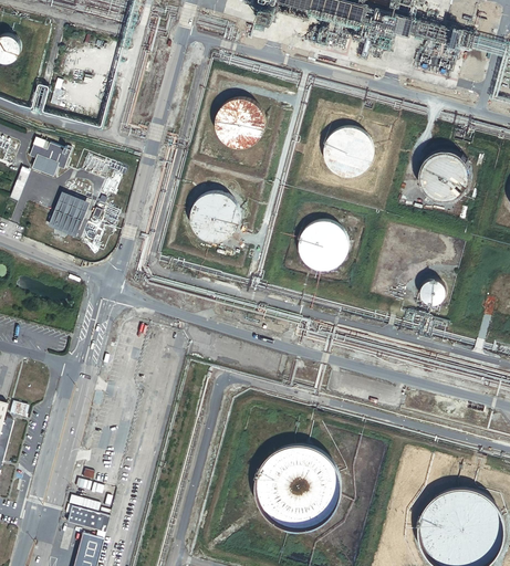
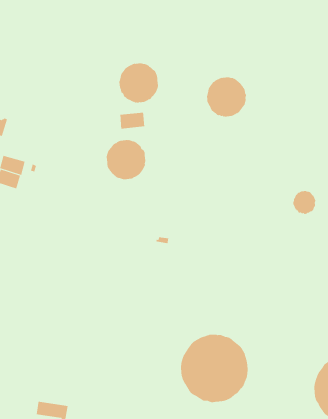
building: [416,151,466,202] -> none
building: none -> [120,112,145,129]
building: [296,220,347,271] -> none

